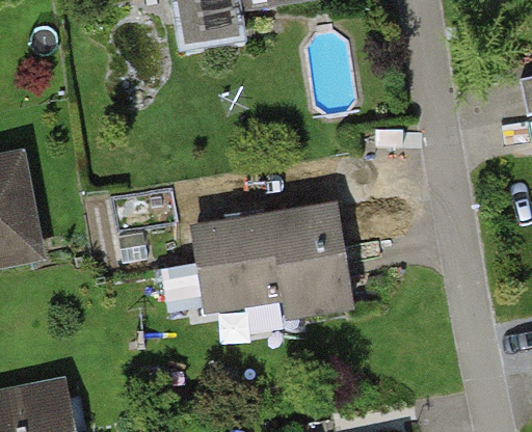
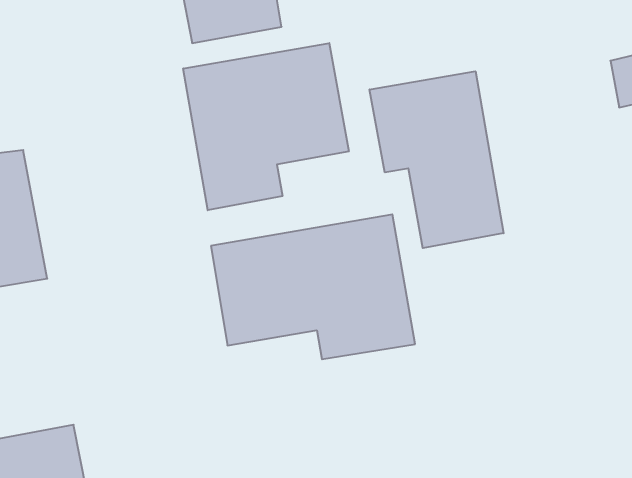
building: none -> [183,43,349,210]
building: none -> [370,71,504,248]

